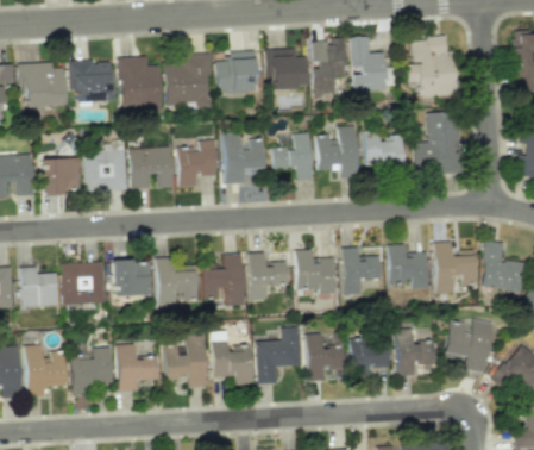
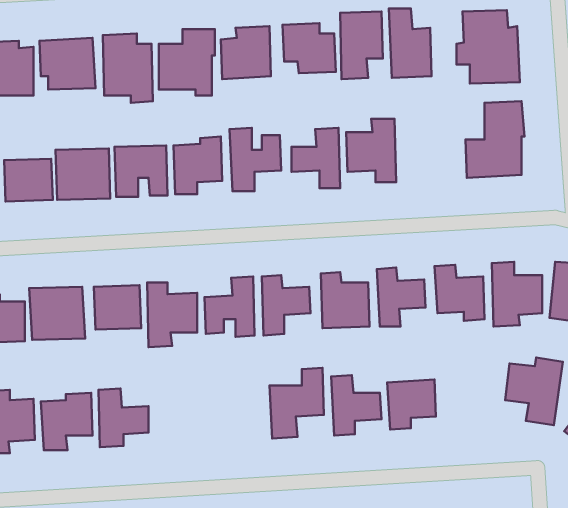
building: [364,130,406,167] -> none
building: [213,330,253,385] -> none
building: [397,332,436,375] -> none
building: [165,335,207,387] -> none

